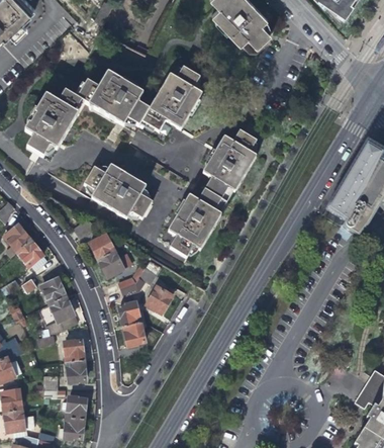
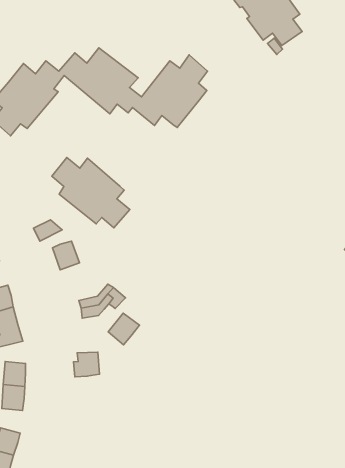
building: [166,129,255,256] -> none
building: [99,249,131,278] -> none
building: [119,300,145,328] -> none

